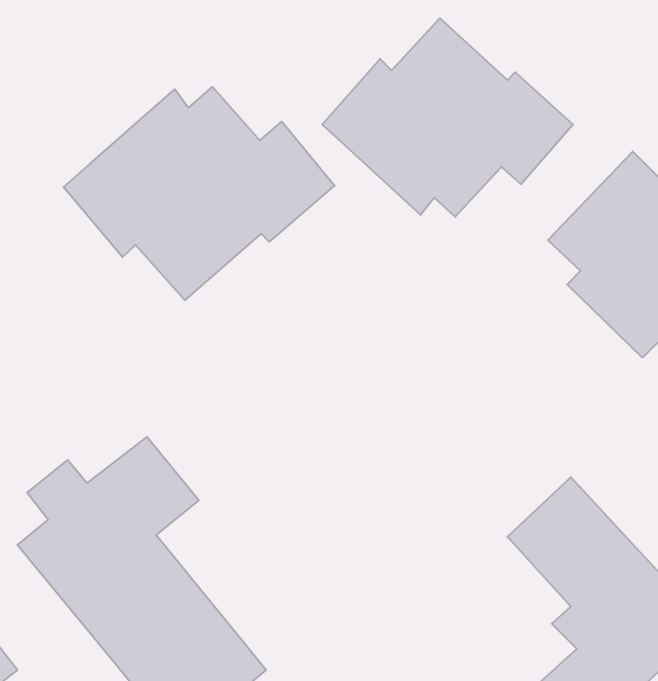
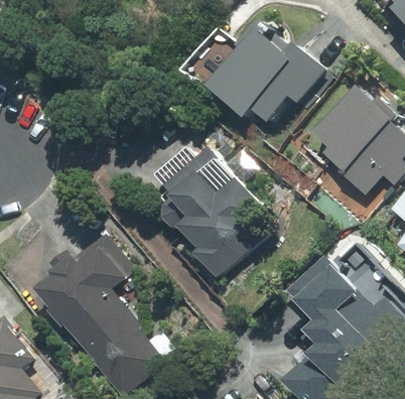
building: [63,87,335,300] -> none
building: none -> [163,147,264,275]

